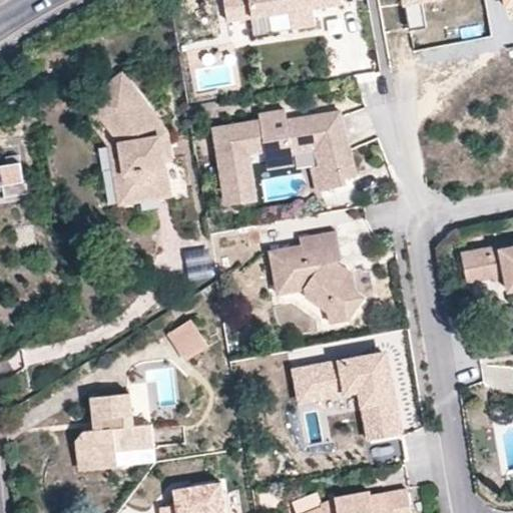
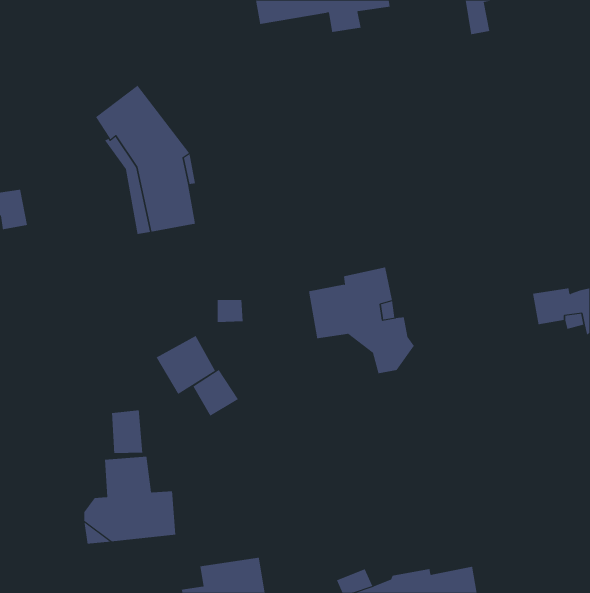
building: [211,108,361,206] -> none
building: none -> [156,335,216,395]
building: [299,344,414,438] -> none
building: none -> [112,409,143,454]

